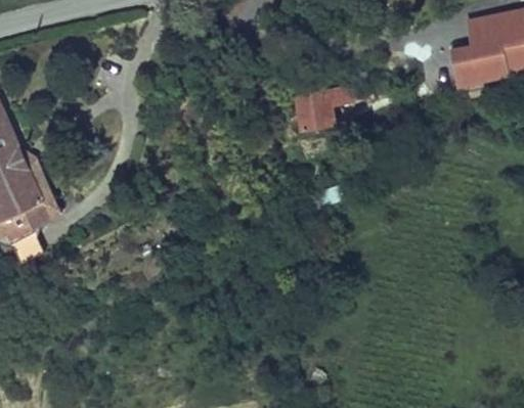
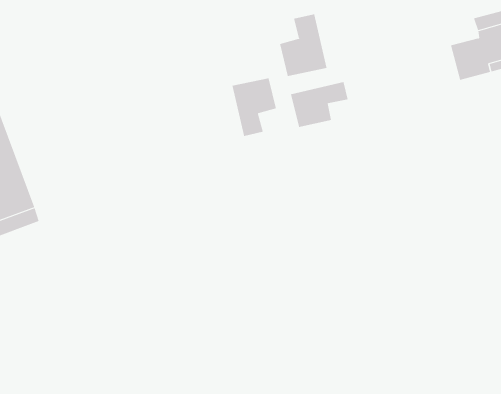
building: none -> [279,14,327,77]
building: none -> [232,77,277,137]

